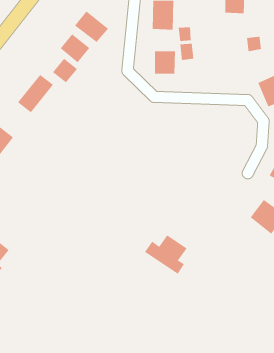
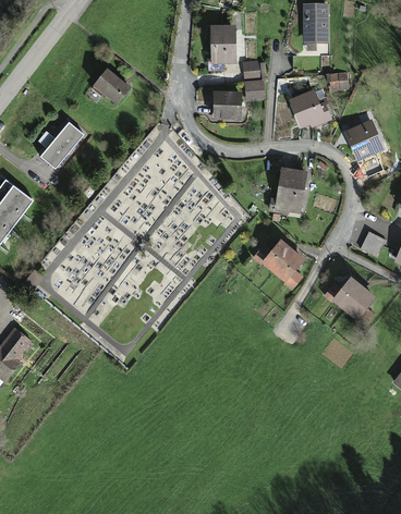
building: [74,10,109,43] -> none
building: none -> [287,90,332,134]
building: [52,58,78,83] -> none
building: none -> [275,164,306,213]
building: [144,235,188,274] -> [251,238,305,289]

